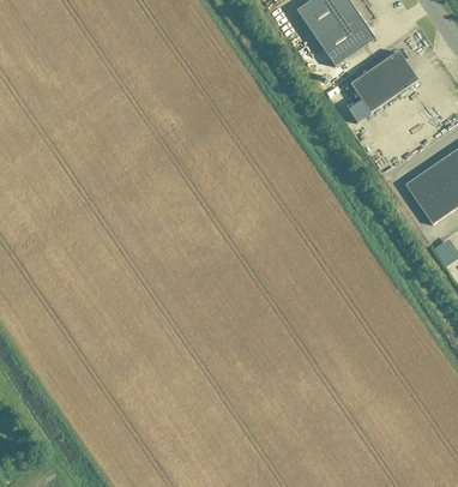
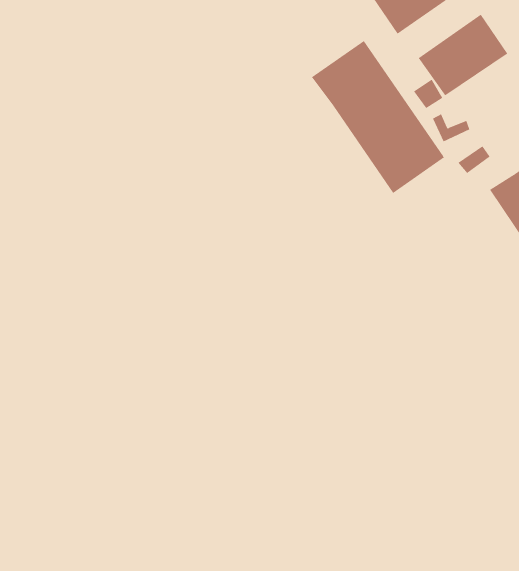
building: none -> [311,40,445,194]

